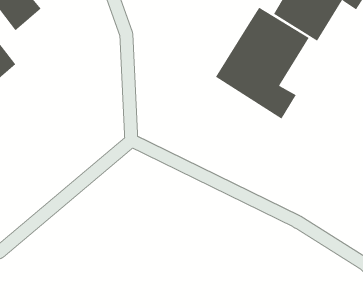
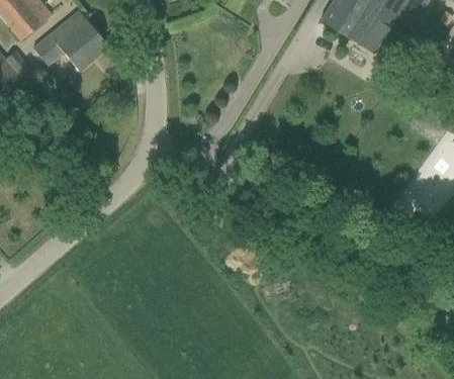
building: [215,7,310,120] -> none
building: none -> [33,14,108,70]

